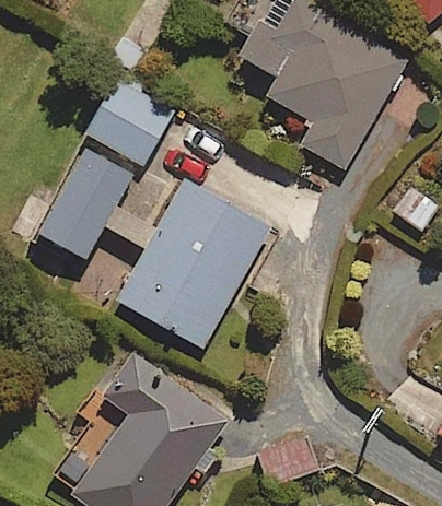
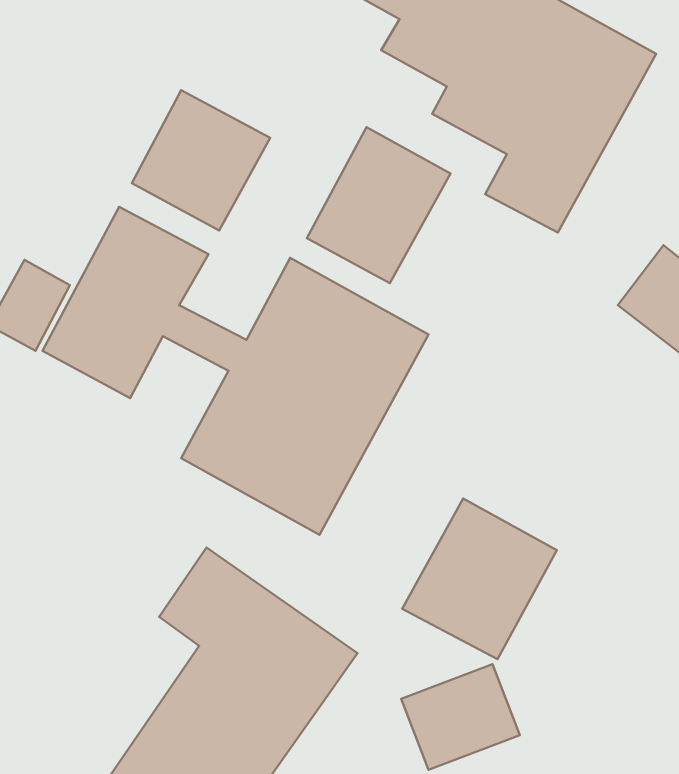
building: none -> [307,127,450,283]
building: none -> [402,498,557,659]

